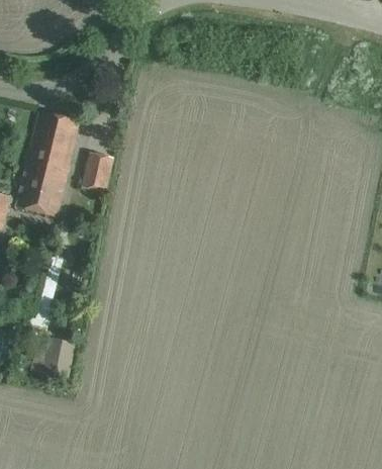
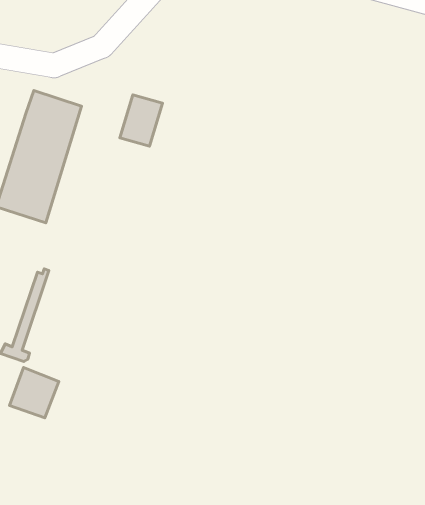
building: [82,152,114,192] -> [120,95,162,146]

